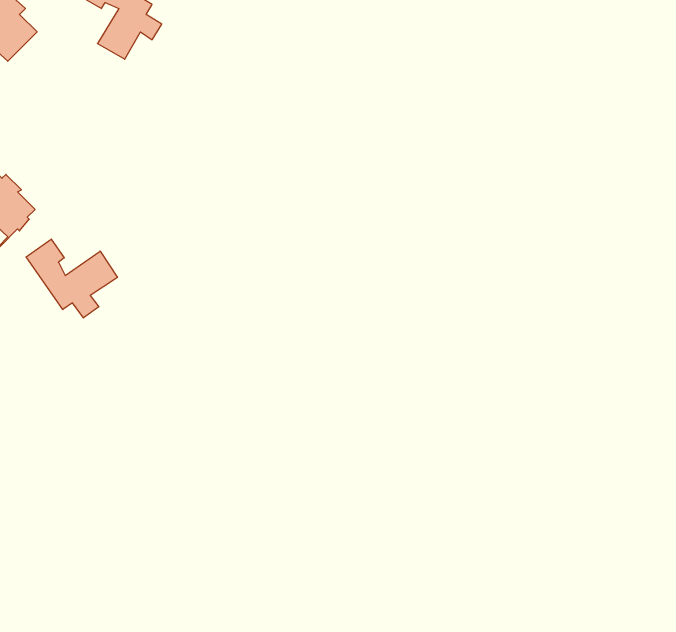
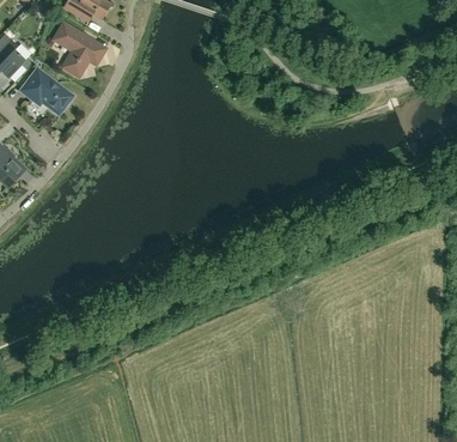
building: none -> [19,68,71,111]
building: [26,239,117,318] -> none

